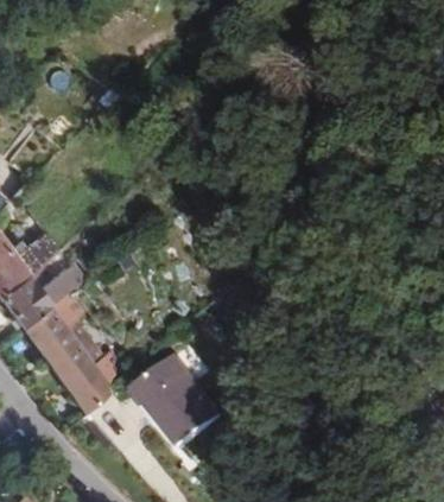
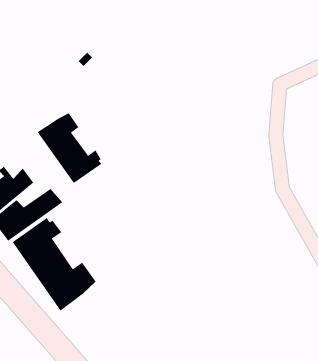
building: none -> [37,113,102,184]
building: [138,358,222,450] -> none

